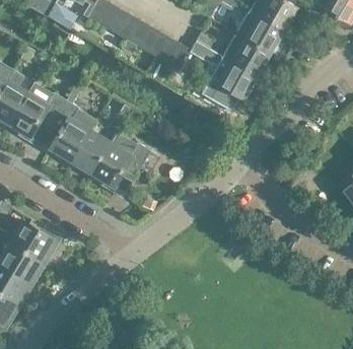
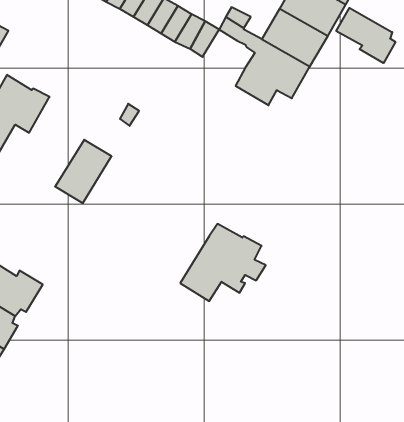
building: none -> [336,8,395,63]
building: [49,87,97,165] -> none
building: [91,134,154,191] -> [180,224,266,301]

